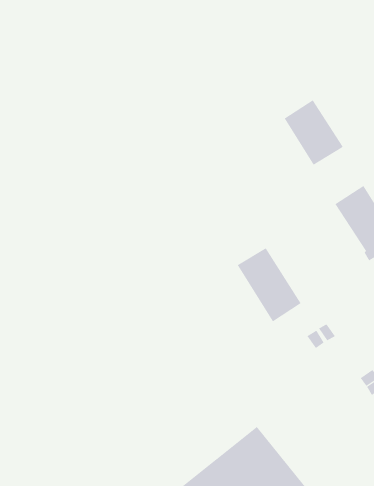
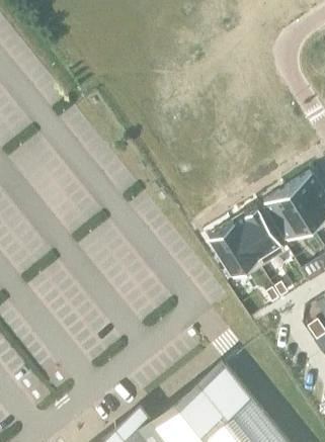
building: [284,100,344,166] -> [263,185,311,238]
building: none -> [232,204,285,264]

